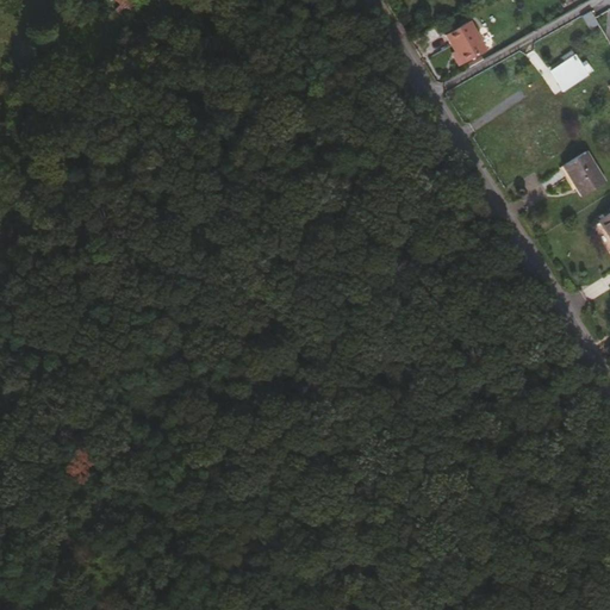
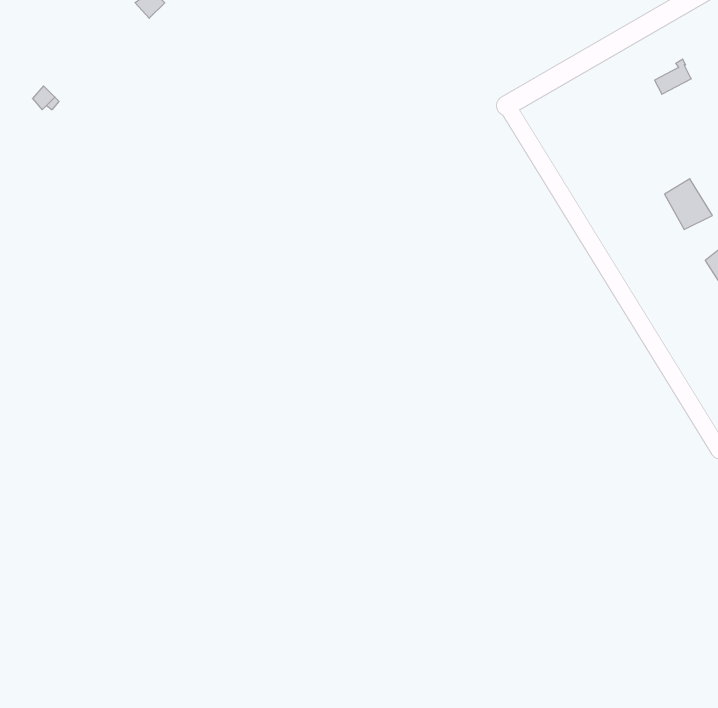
building: [450,25,487,66] -> none

